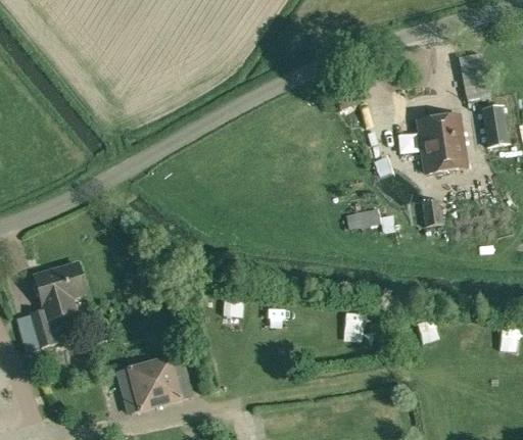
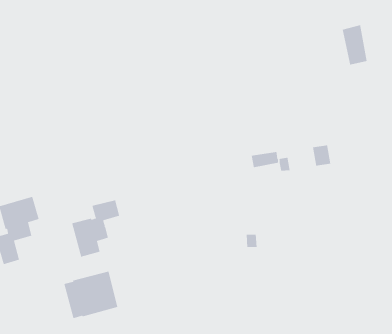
building: [483,106,509,145] -> none
building: [419,113,466,173] -> none
building: none -> [72,200,120,257]

